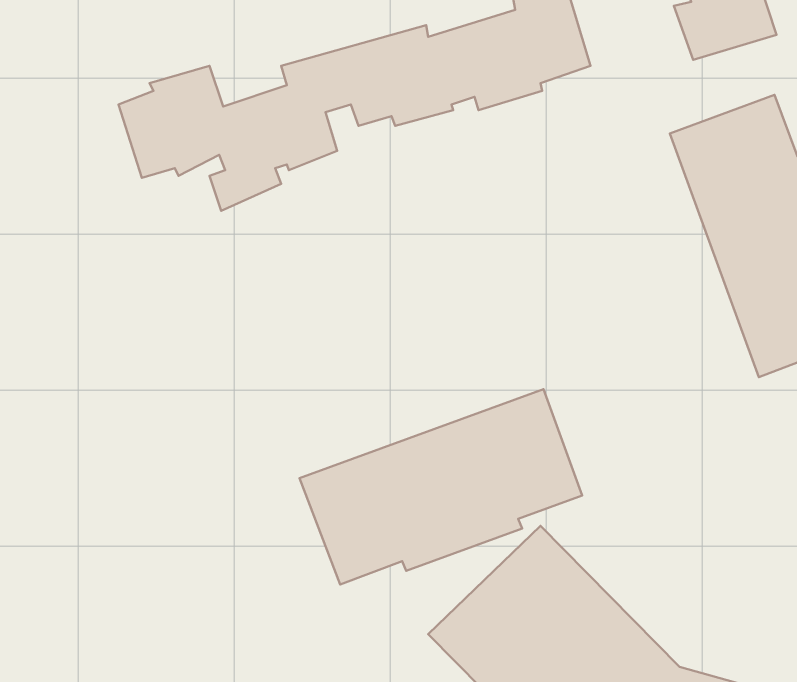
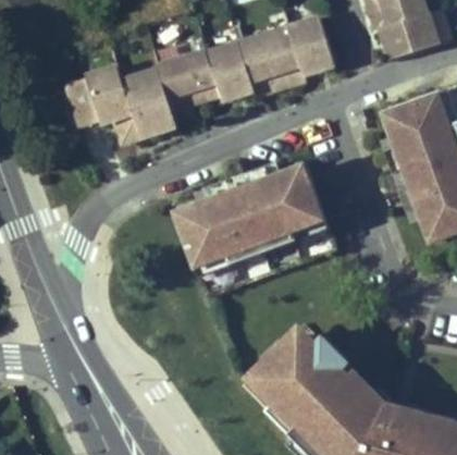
building: [300,389,582,584] -> [171,160,330,270]

